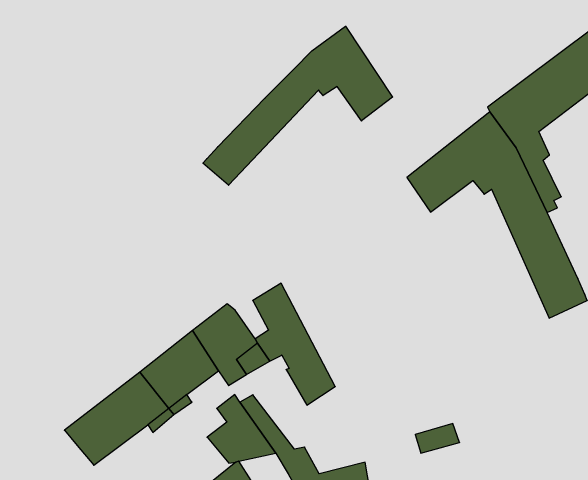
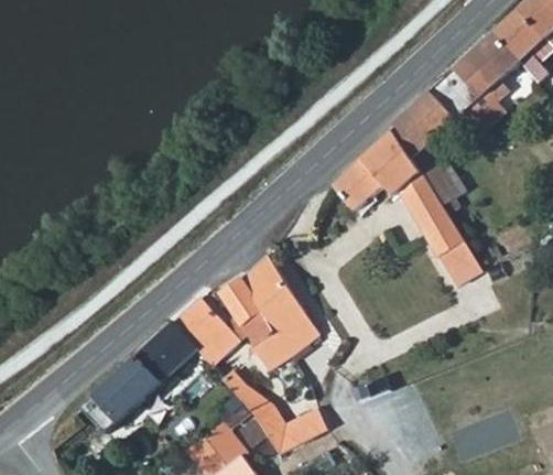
building: [203,26,393,185] -> none
building: none -> [241,253,319,355]

